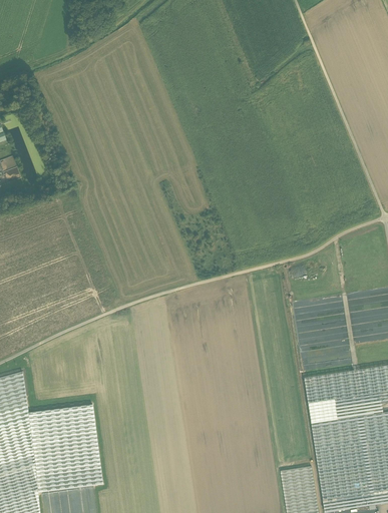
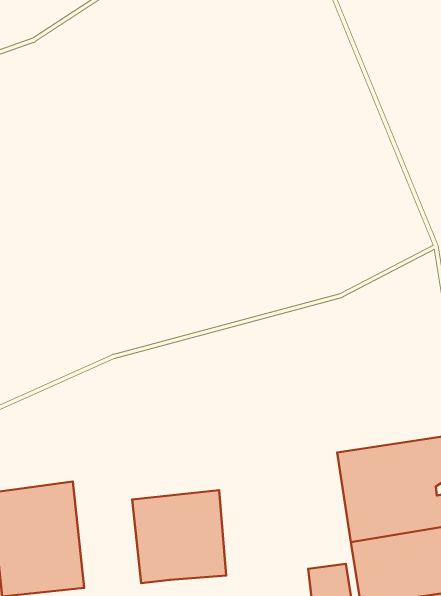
building: none -> [132,490,226,583]

